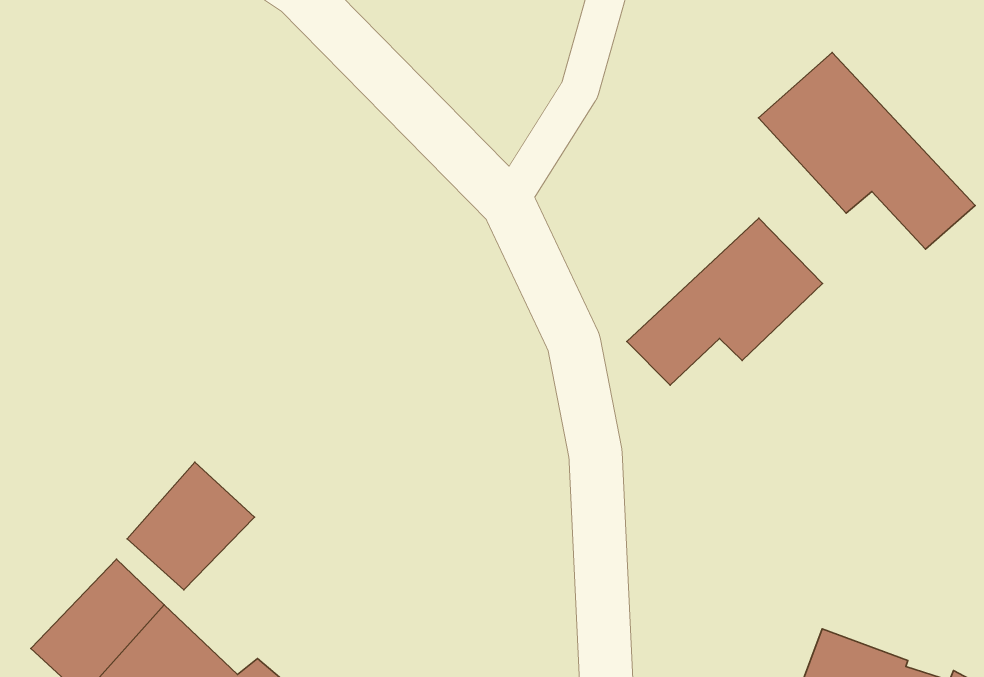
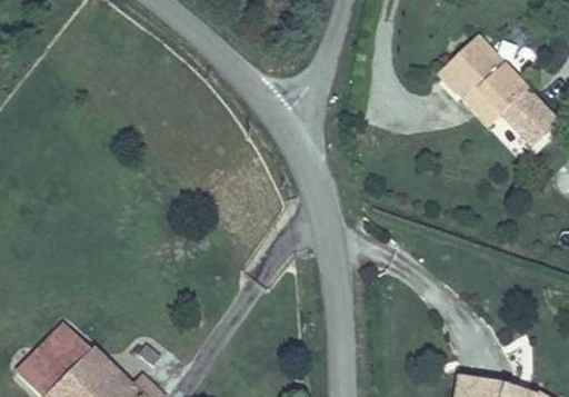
building: [627,218,823,385] -> none
building: [127,462,254,590] -> none

